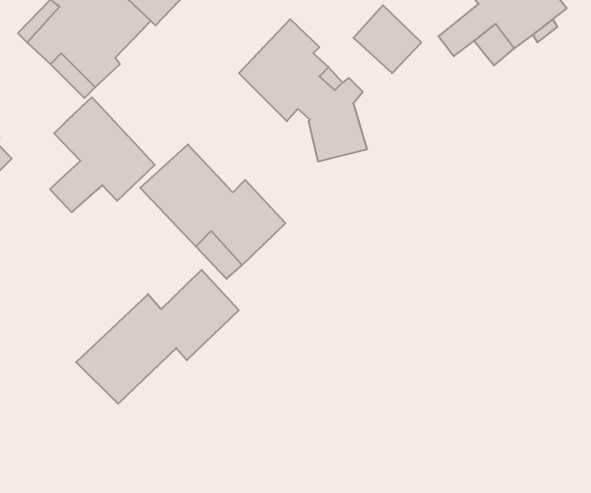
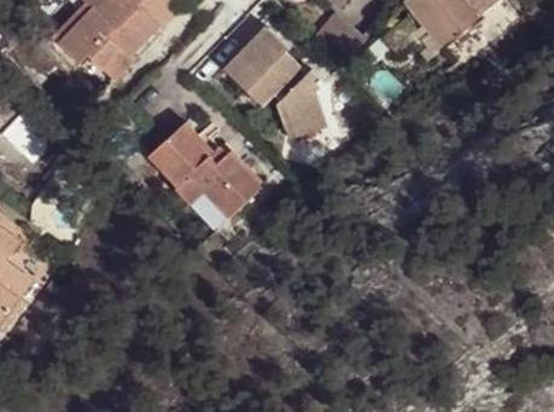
building: [50,97,155,212] -> none
building: [76,270,239,404] -> none

